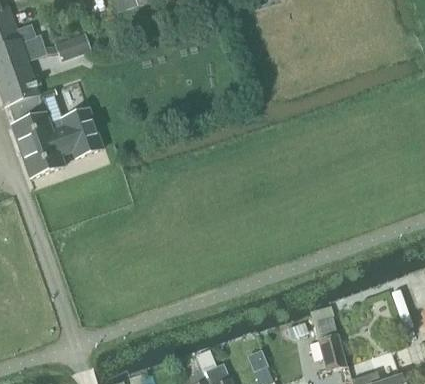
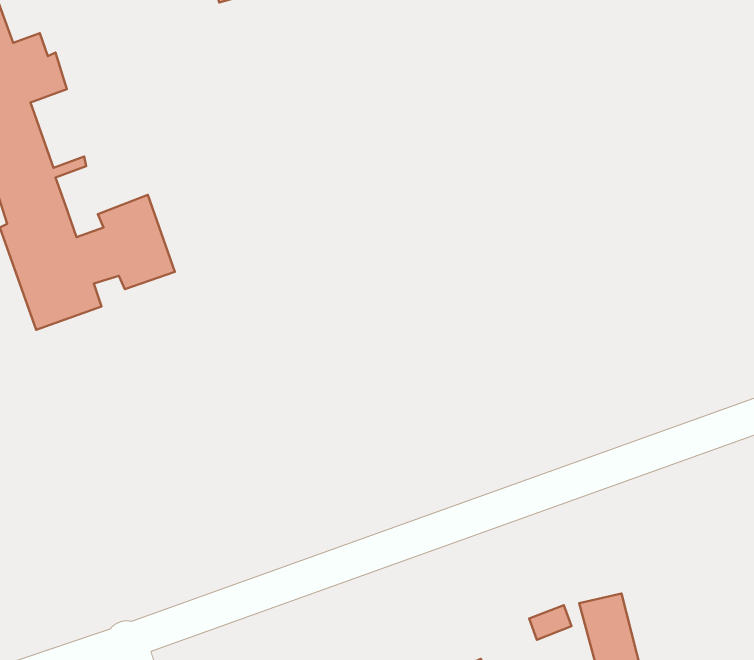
building: [54,31,91,61] -> none

